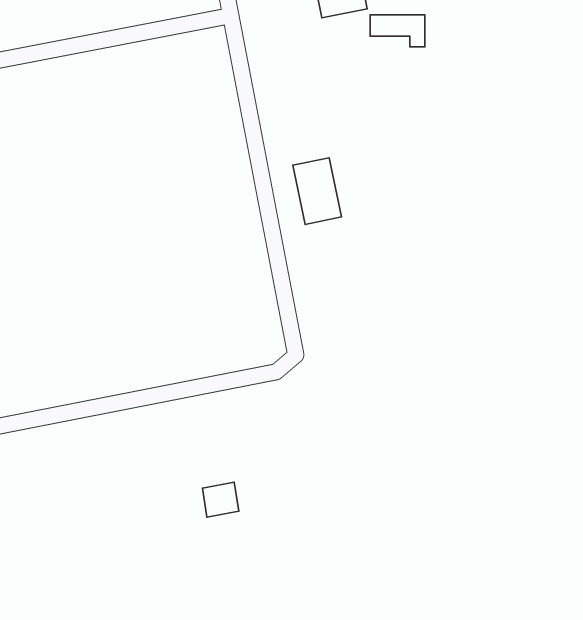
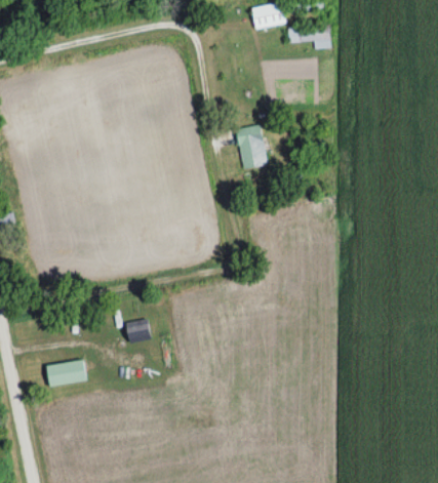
building: [202,482,239,517] -> [126,319,151,343]
building: none -> [46,360,87,387]

